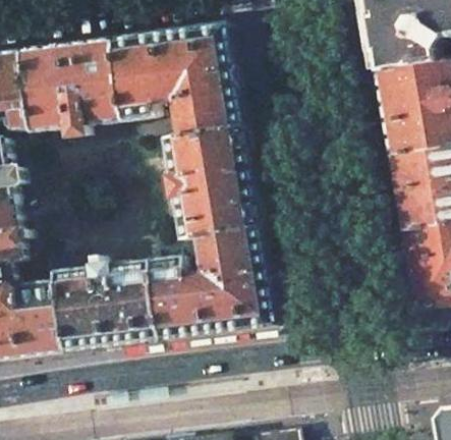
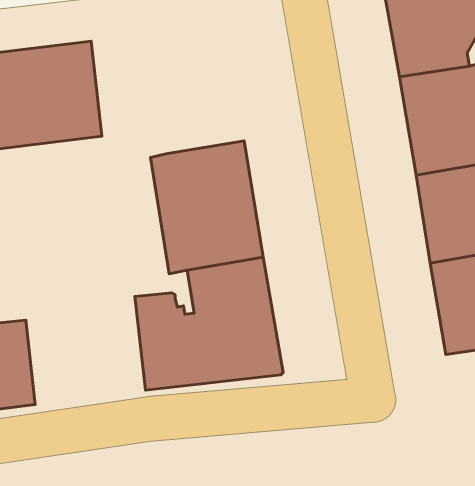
building: [110,24,241,135] -> none
building: [53,258,157,350] -> none

